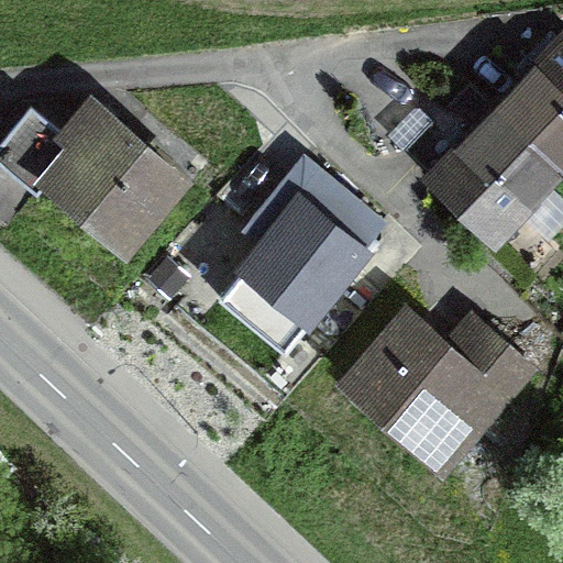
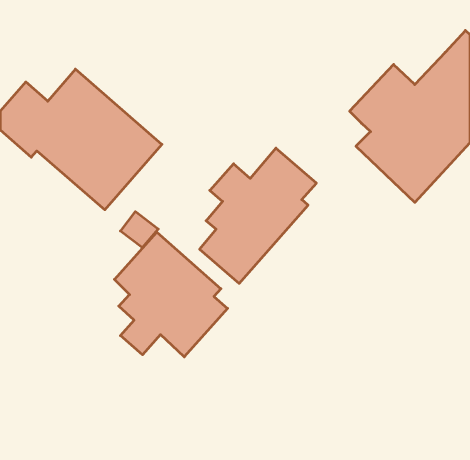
building: none -> [114,232,228,357]
building: [334,303,540,481] -> none

